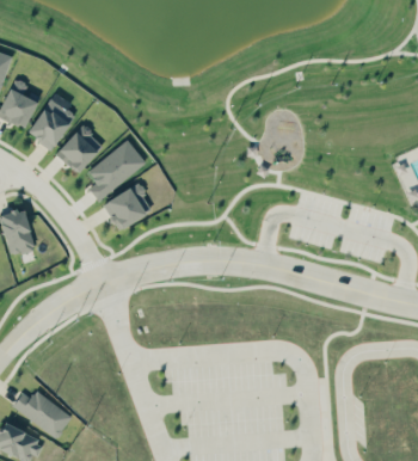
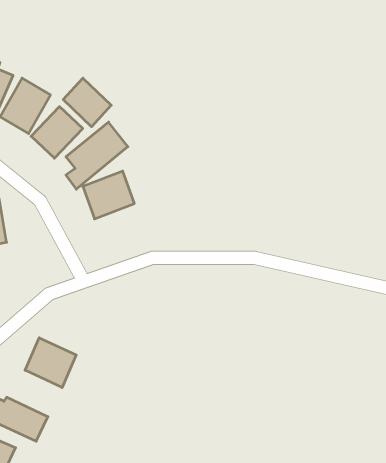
building: none -> [63,78,111,127]
building: none -> [25,338,76,388]

